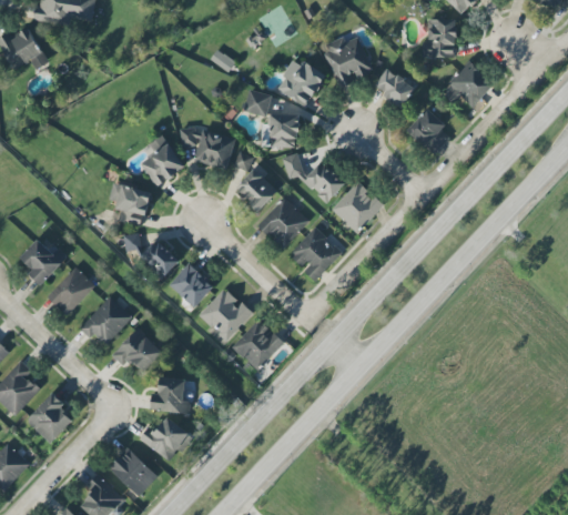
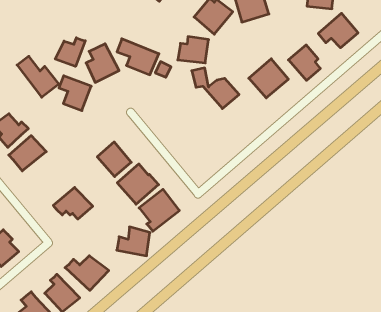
building: [373,68,415,107] -> none
building: [243,89,271,115] -> none
building: none -> [55,38,85,66]
building: [234,168,276,210] -> none
building: [331,180,383,232] -> [249,59,288,98]
building: [256,196,308,249] -> none
building: [287,226,341,280] -> none
building: [121,229,179,281] -> [17,56,59,97]
building: [82,295,138,341] -> none
building: [153,375,194,411] -> [117,227,150,256]

